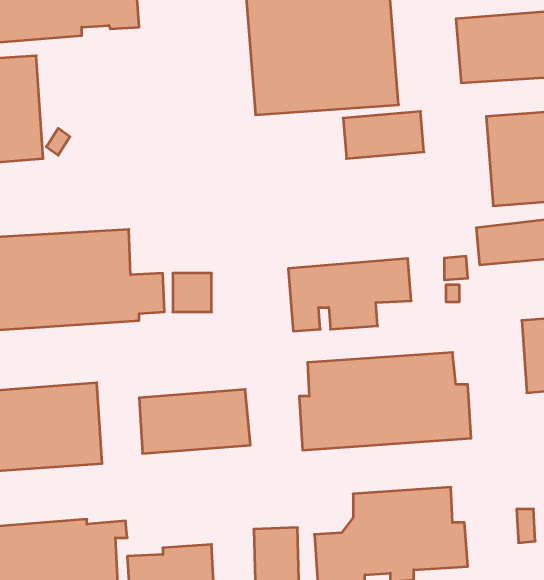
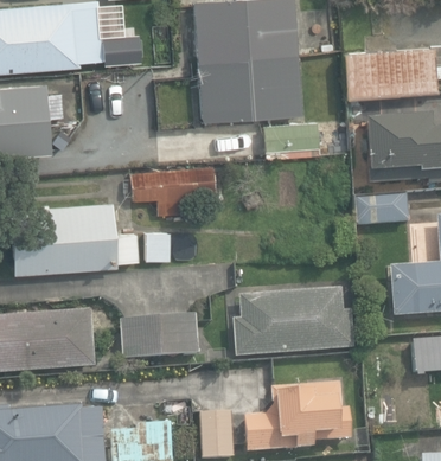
building: [288,259,411,331] -> [129,164,216,215]

